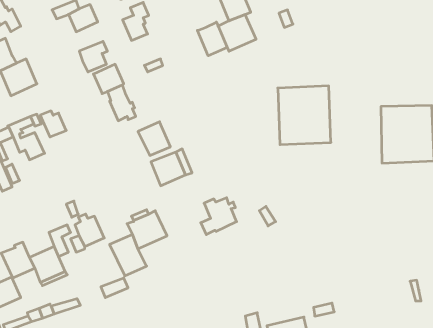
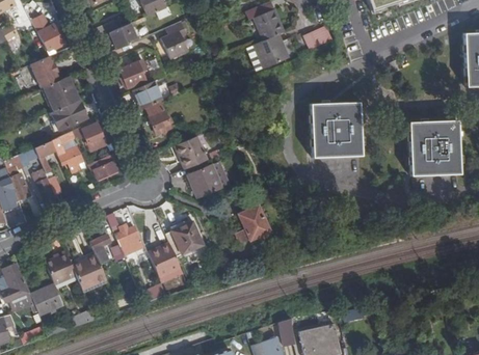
building: [197,22,227,56] -> none
building: none -> [51,99,87,129]
building: none -> [88,151,122,179]

